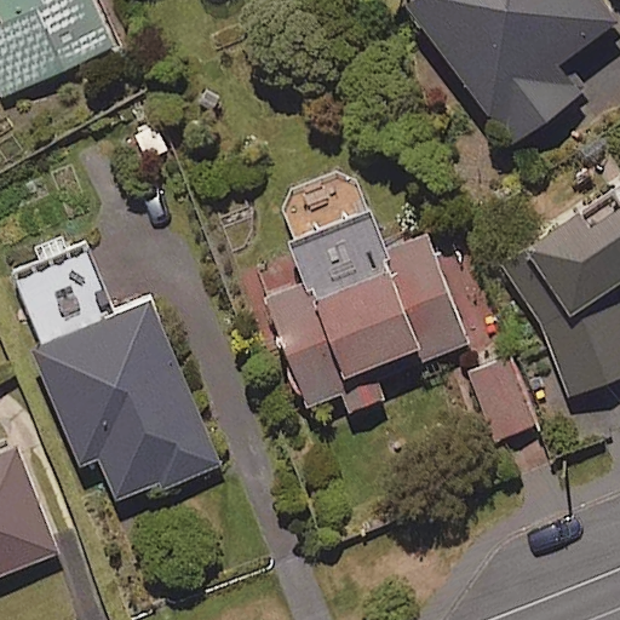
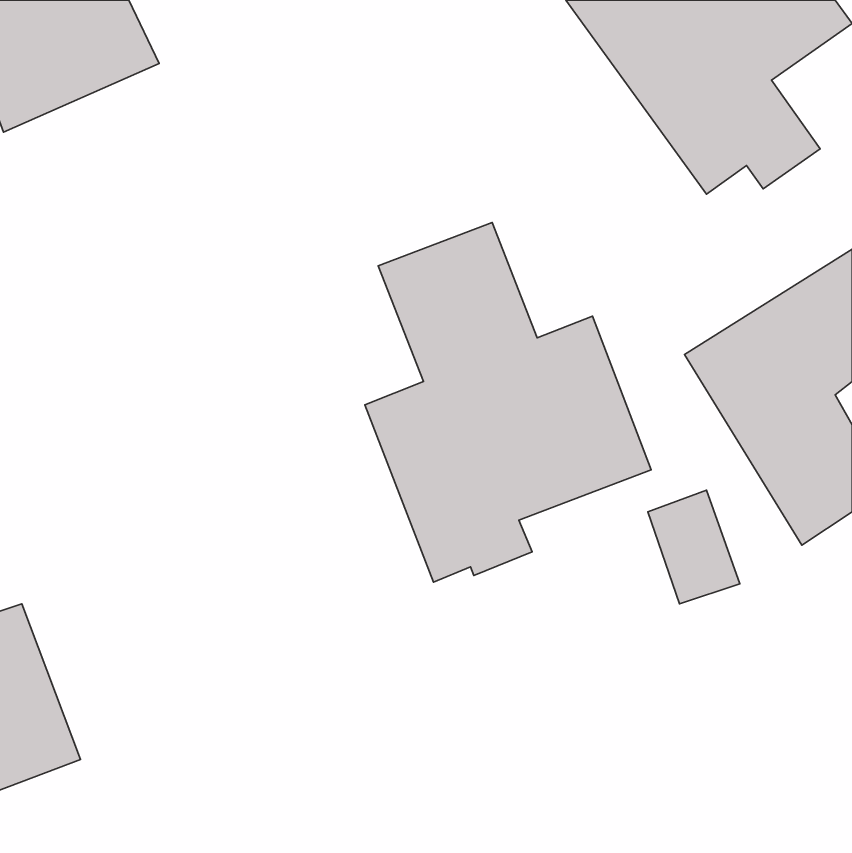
building: [18,262,218,505] -> none

